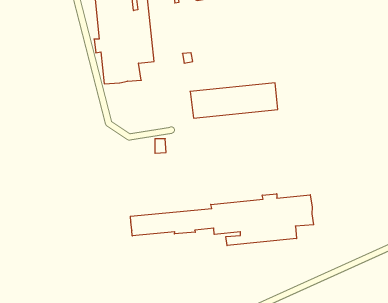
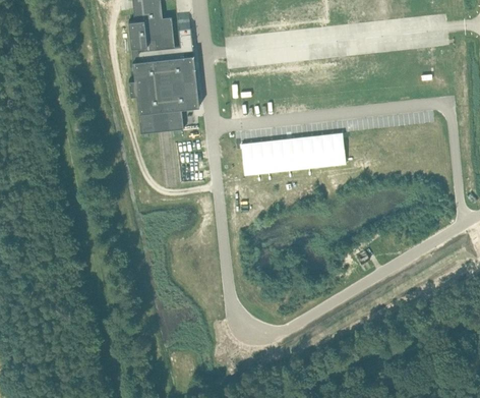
building: [130,194,314,246] -> none

